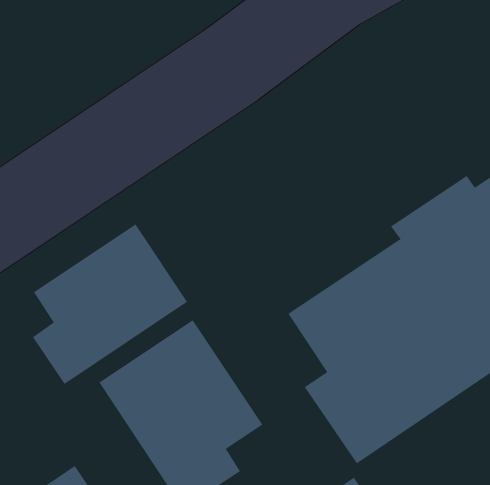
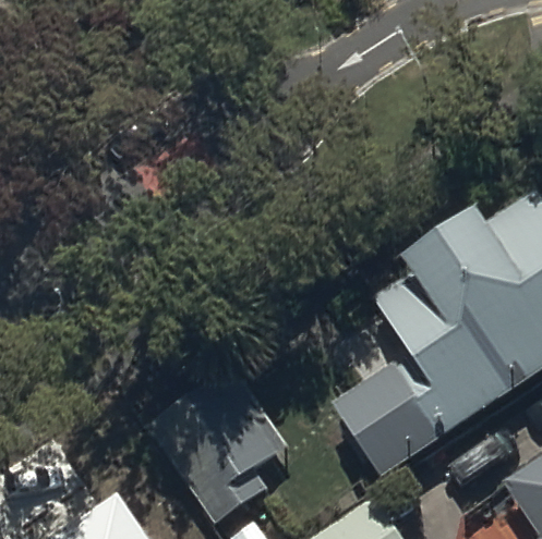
building: [32,224,188,385] -> none

